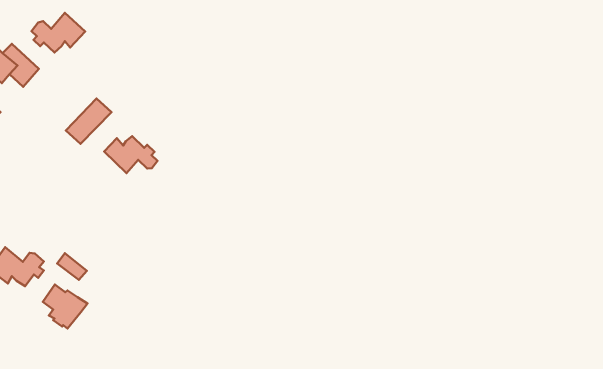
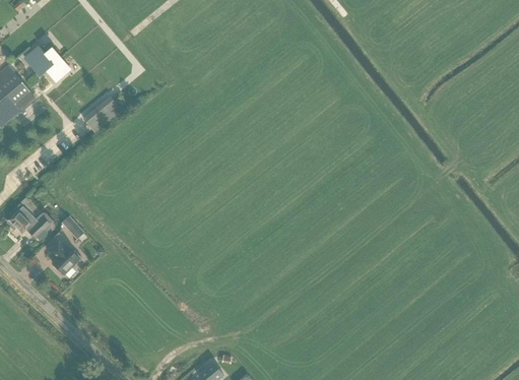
building: [31,13,85,52] -> none
building: [104,136,158,173] -> none

